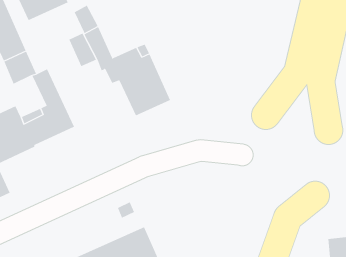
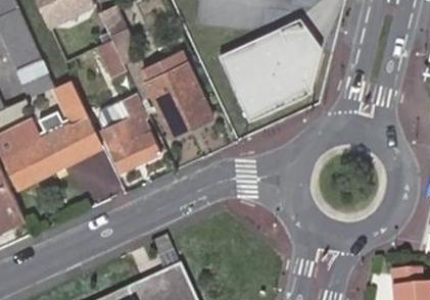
building: none -> [217,19,312,121]
building: none -> [104,93,159,171]

